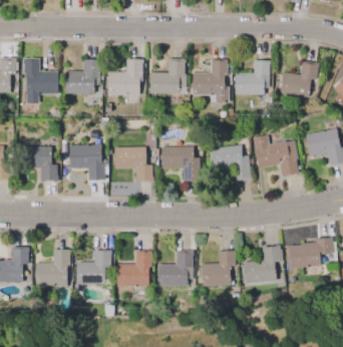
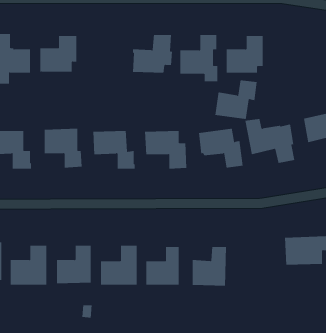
building: [106,59,142,94] -> none
building: [279,61,318,97] -> [214,80,257,120]
building: [247,247,282,285] -> none

